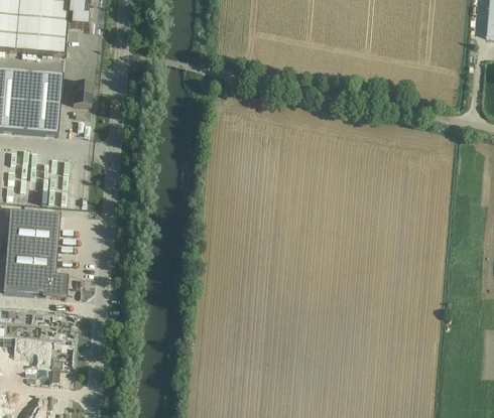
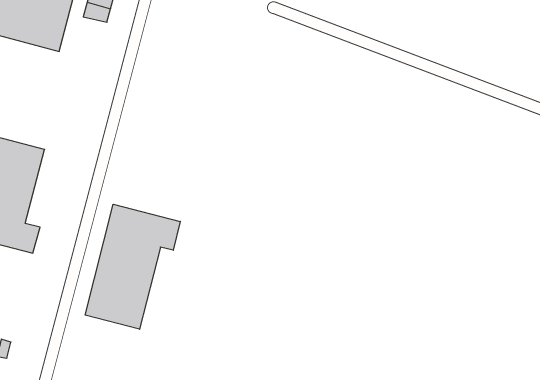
building: none -> [85,204,180,329]

